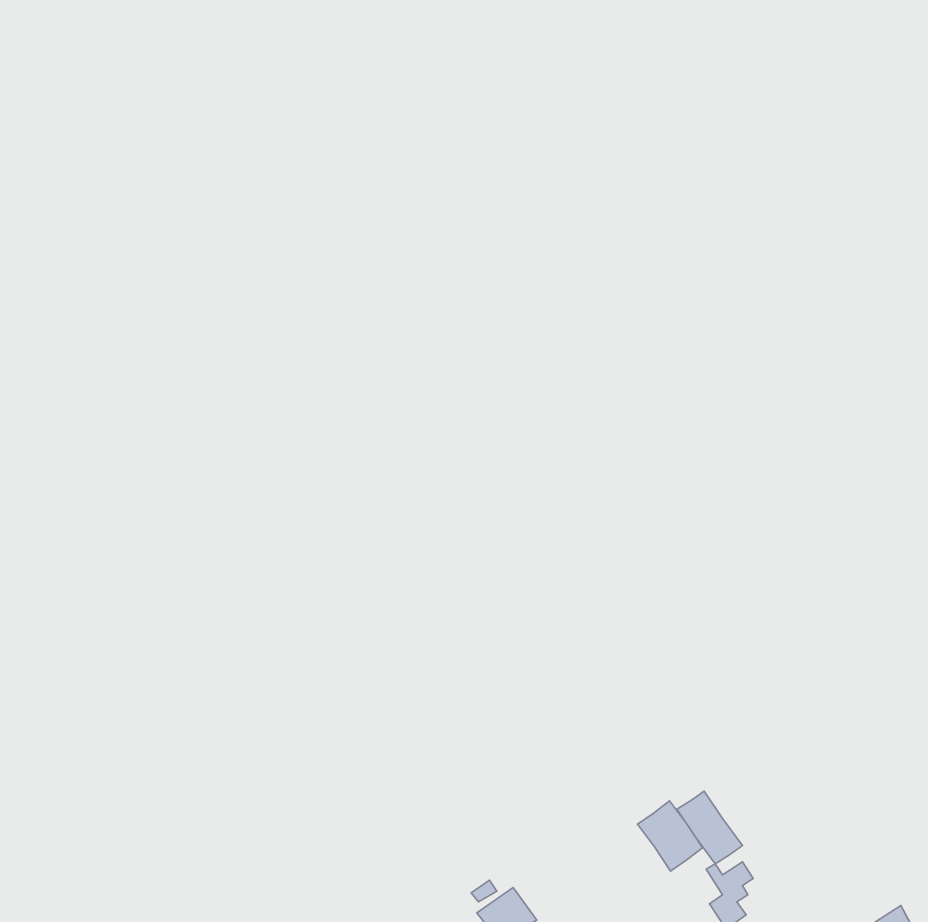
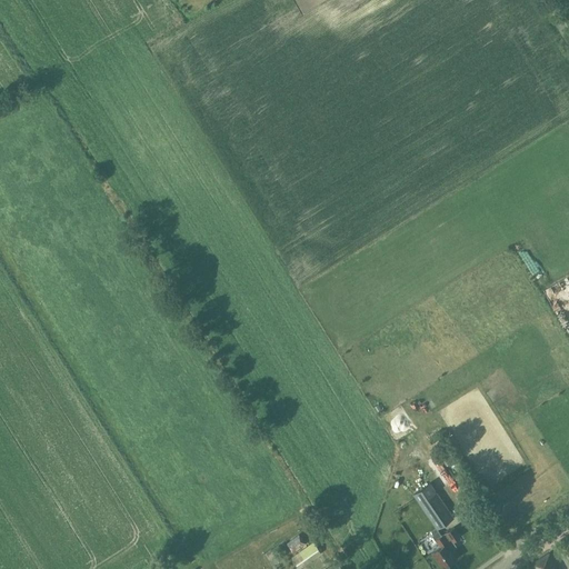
building: [638,801,702,871] -> none

